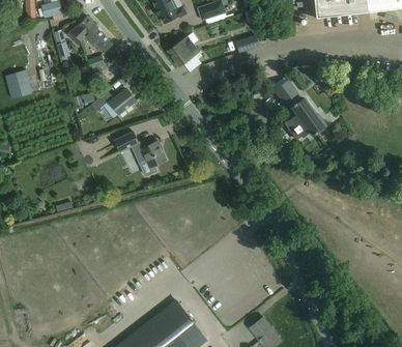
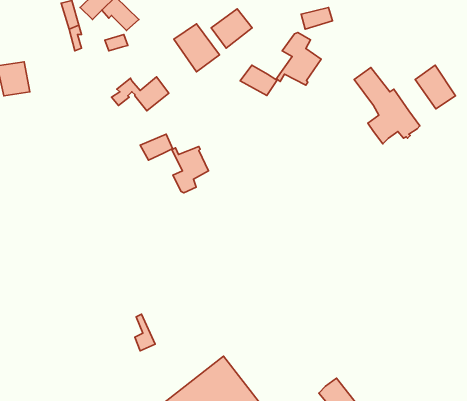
building: none -> [174,24,219,72]
building: none -> [240,33,321,95]
building: none -> [415,65,456,109]

